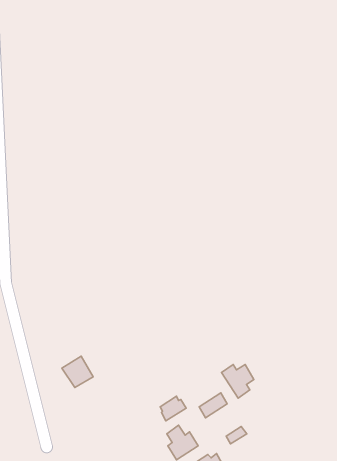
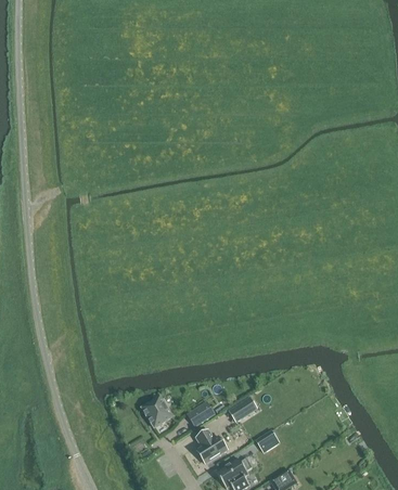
building: [62,356,93,387] -> [141,396,172,427]
building: [222,364,254,398] -> none

